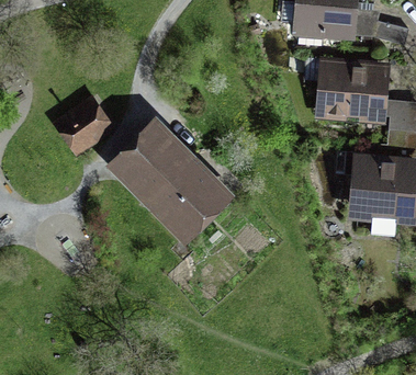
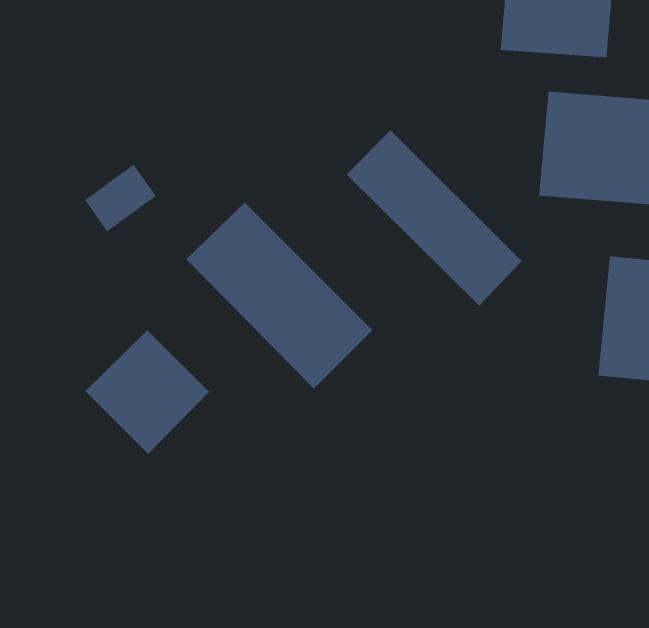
building: none -> [346,130,522,306]
building: none -> [84,329,210,455]

